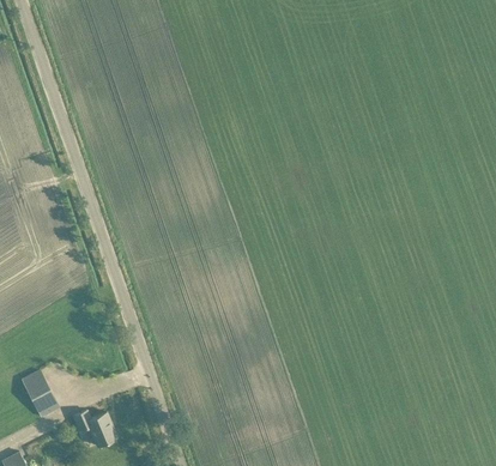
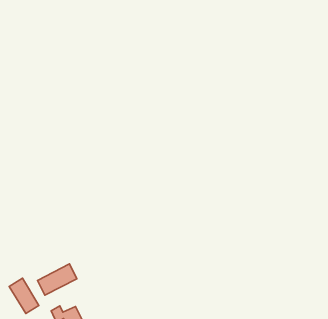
building: none -> [38,264,77,295]

